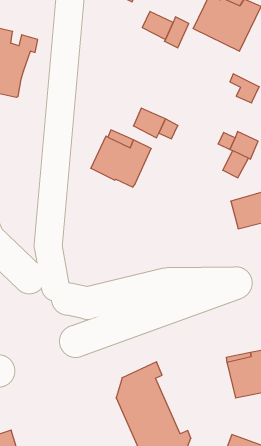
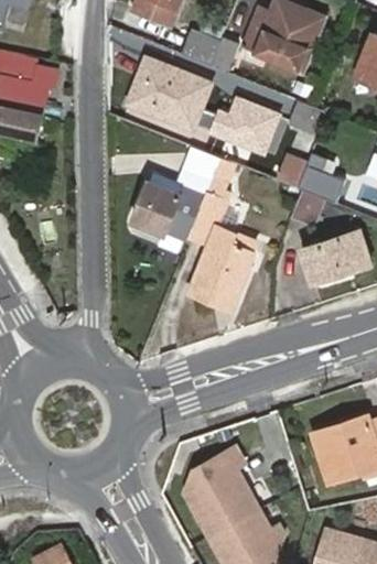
building: none -> [128,57,209,126]
building: none -> [212,91,283,155]
building: none -> [187,185,254,302]

